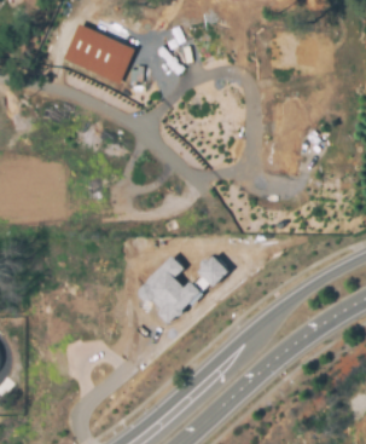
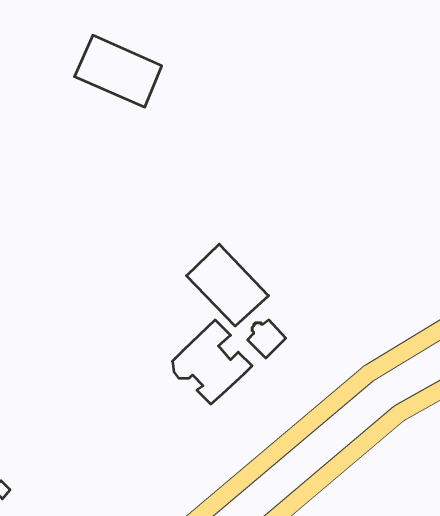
building: none -> [186,244,269,326]

